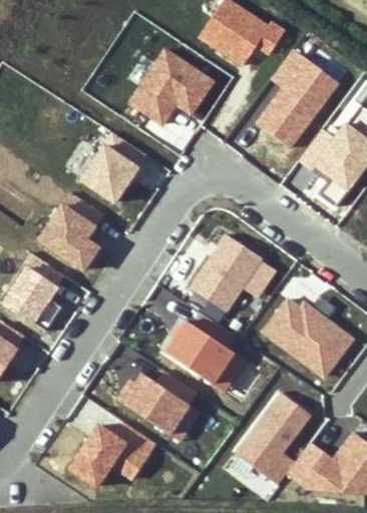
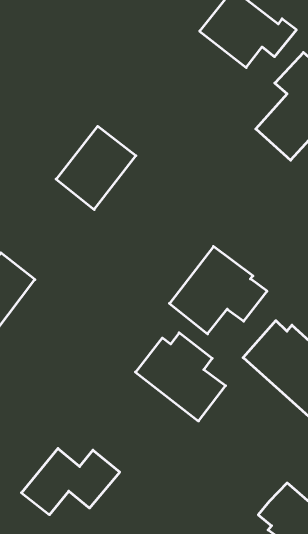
building: [127,46,216,125] -> none
building: [35,204,99,274] -> none
building: [115,370,200,441] -> none
building: [234,391,312,484] -> none

